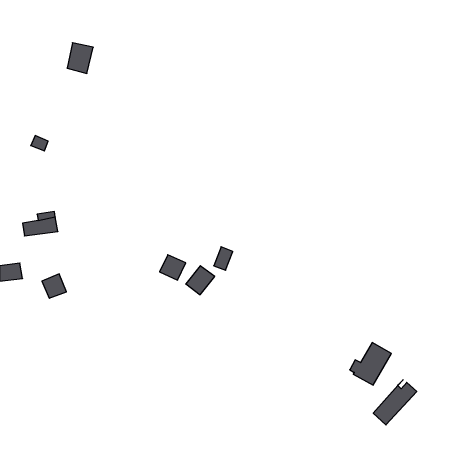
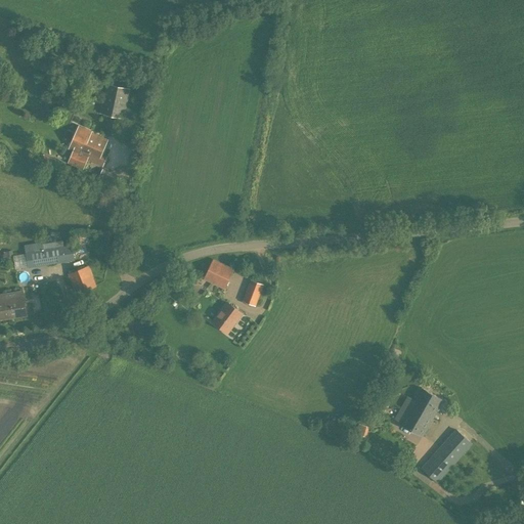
building: [67,43,93,73] -> [99,84,129,119]
building: none -> [68,126,106,168]
building: [160,255,186,280] -> [203,260,232,289]
building: [42,274,66,298] -> [68,266,95,294]

